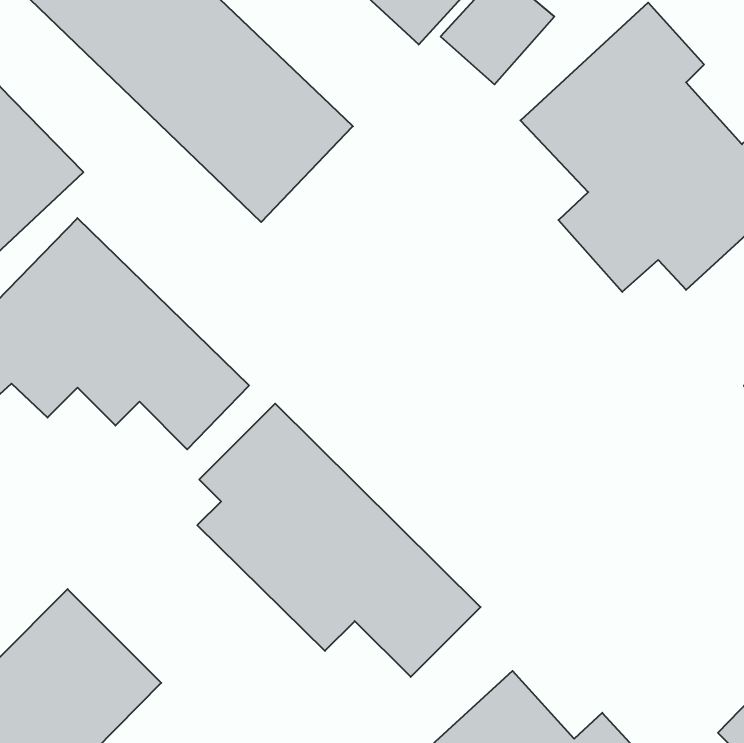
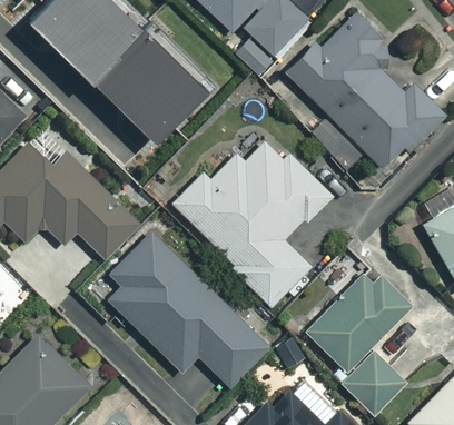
building: none -> [177,140,330,306]
building: none -> [304,266,405,413]

